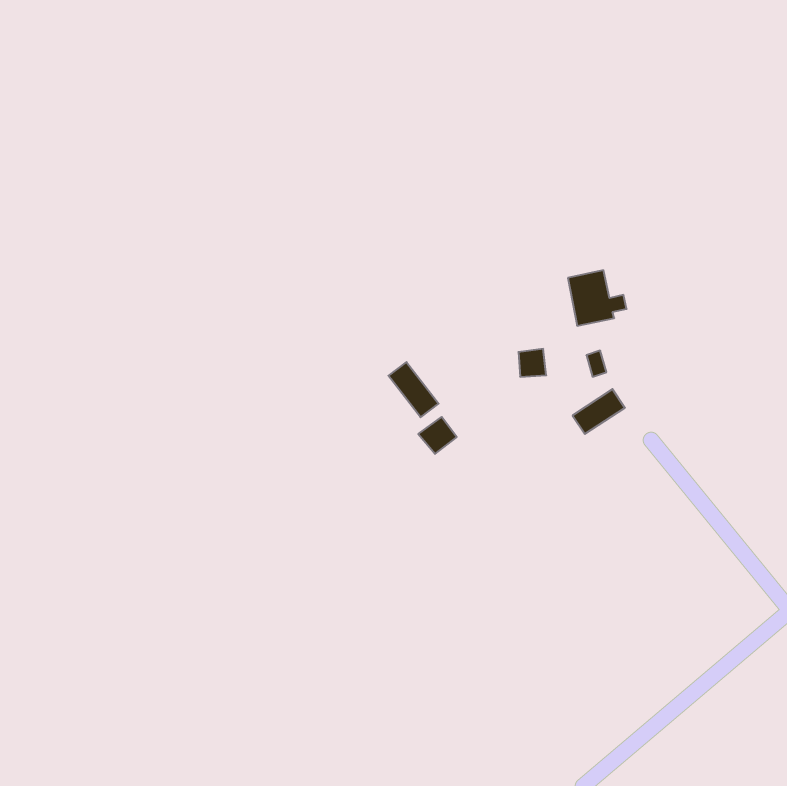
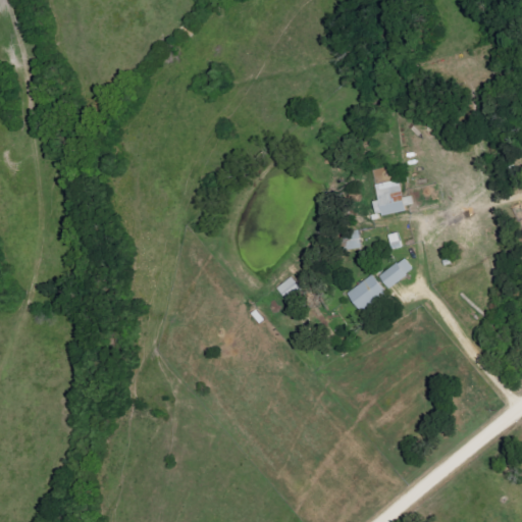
building: [388,362,439,417] -> none
building: none -> [346,273,384,310]

